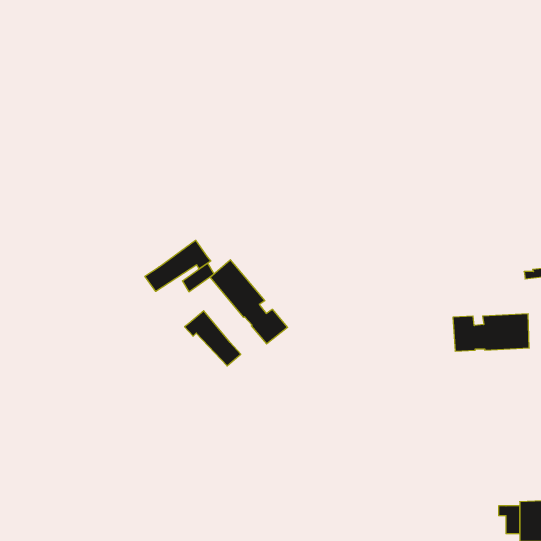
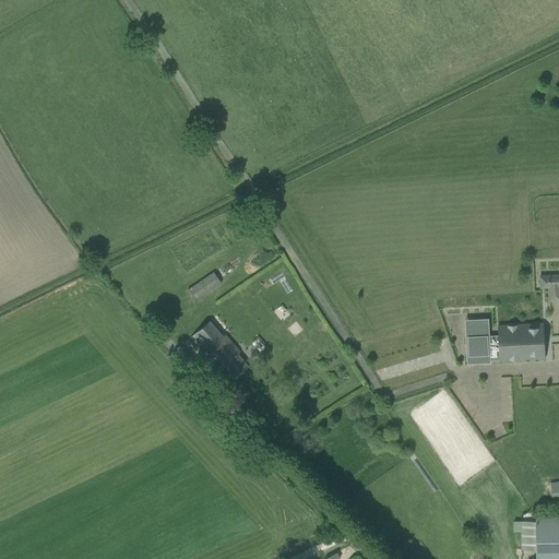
building: [145,240,211,291] -> none
building: [210,260,288,344] -> none

